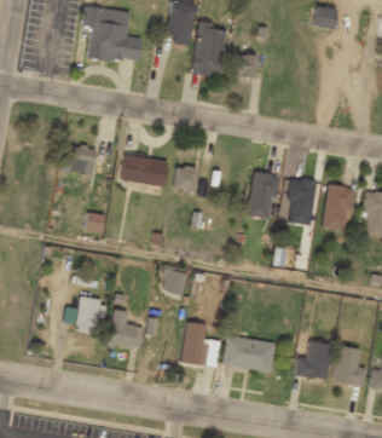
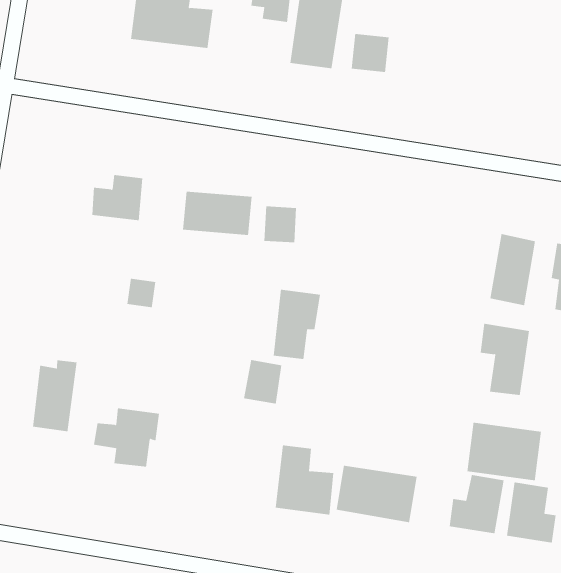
building: [249,172,280,218] -> [273,289,321,359]
building: [284,178,317,225] -> [480,323,530,396]
building: none -> [33,360,77,432]
building: none -> [467,422,541,481]
building: [109,310,144,348] -> none

